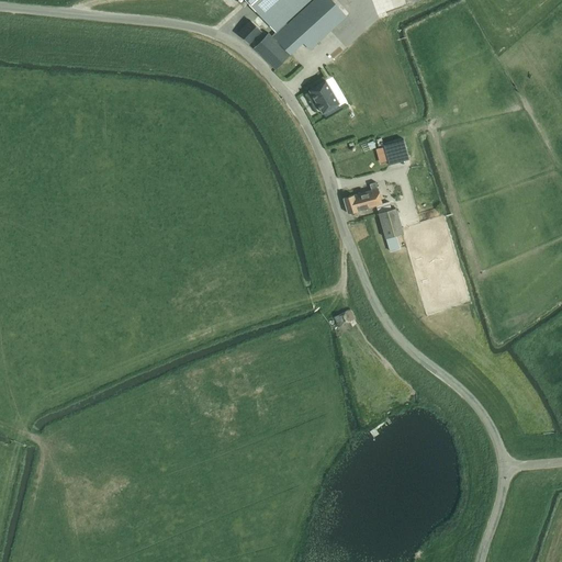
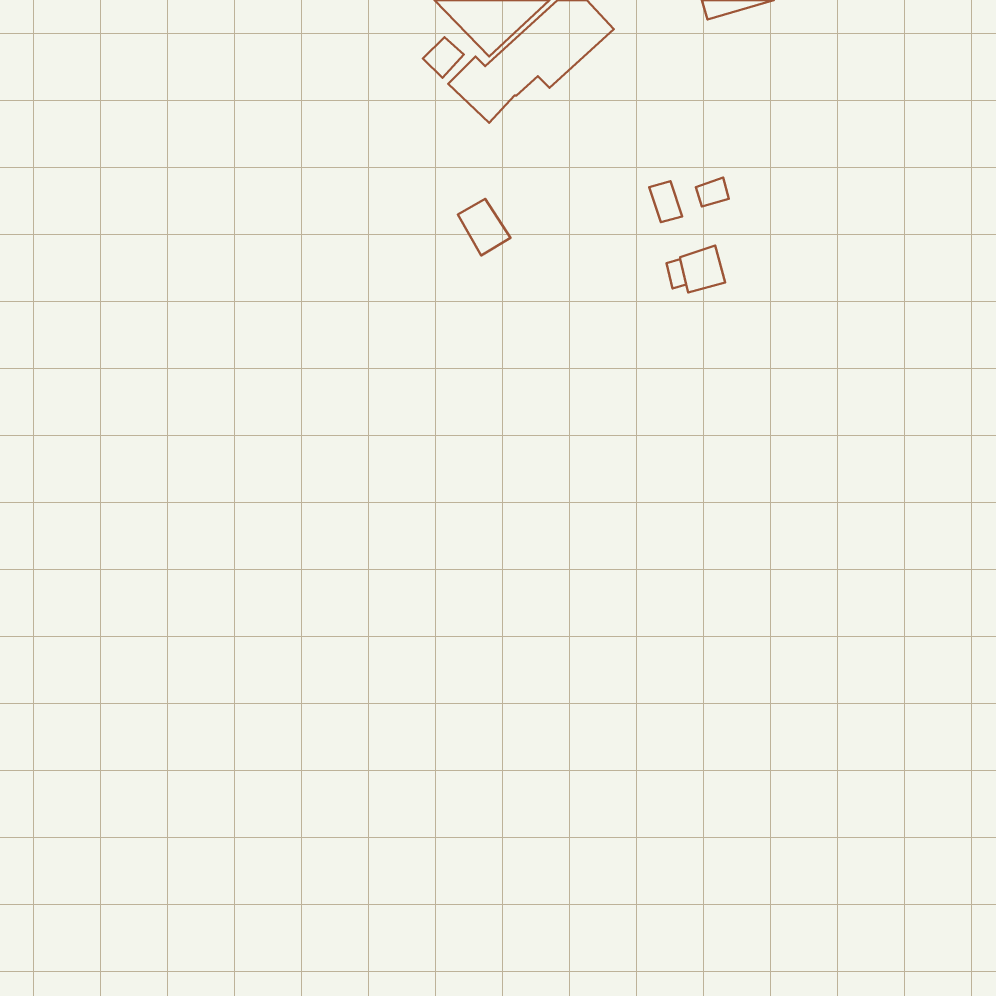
building: [310,80,339,112] -> [458,199,511,255]
building: [344,182,404,238] -> none

